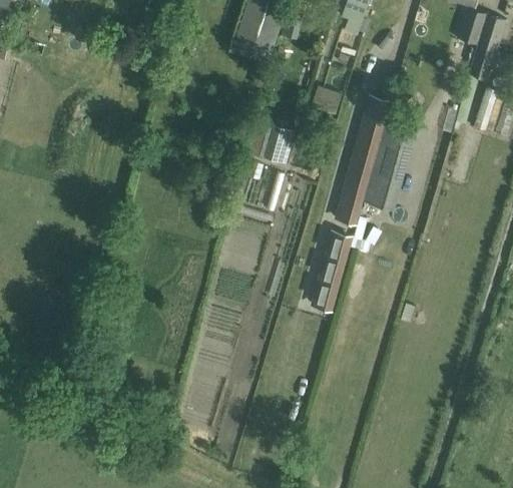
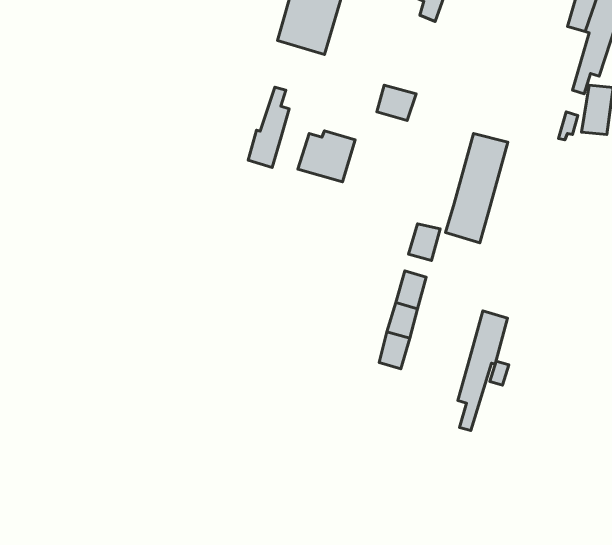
building: none -> [248,87,289,168]
building: [343,138,376,198] -> none
building: none -> [458,311,508,431]

